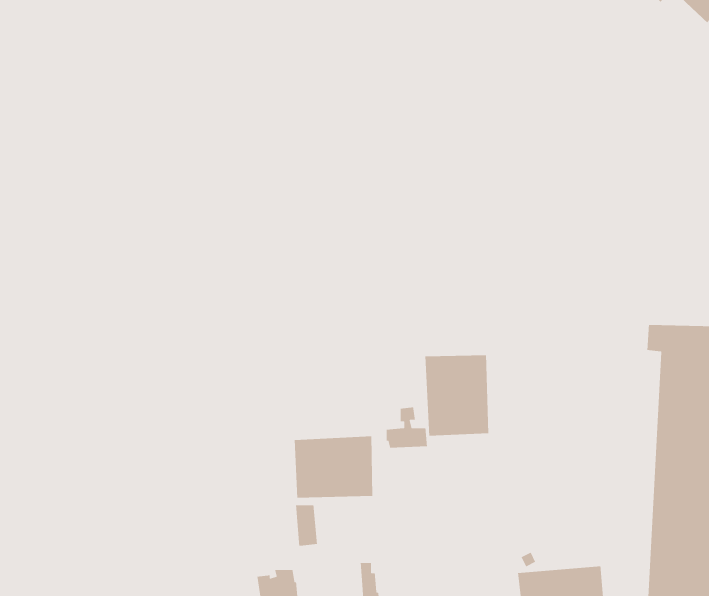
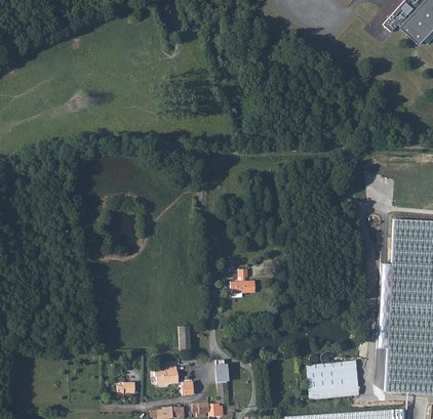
building: [425,355,489,437] -> none
building: [294,436,373,498] -> none

